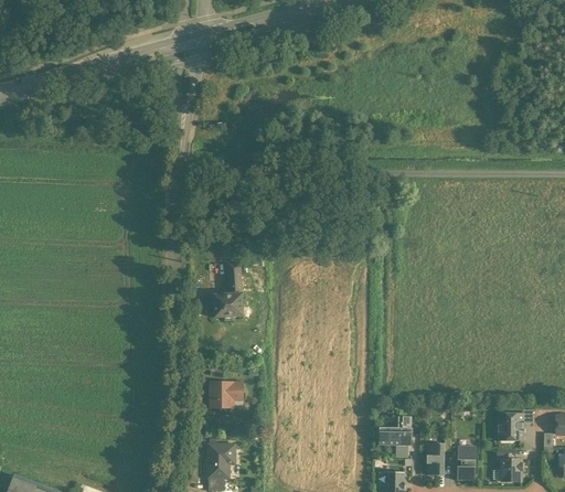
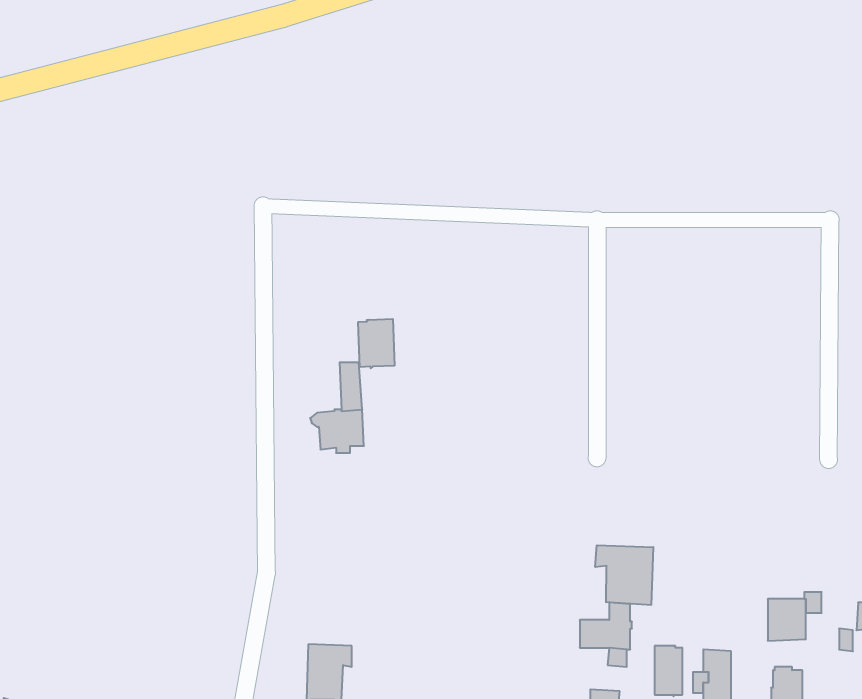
building: none -> [358,319,394,368]
building: none -> [595,545,653,605]
building: [209,382,243,409] -> none

